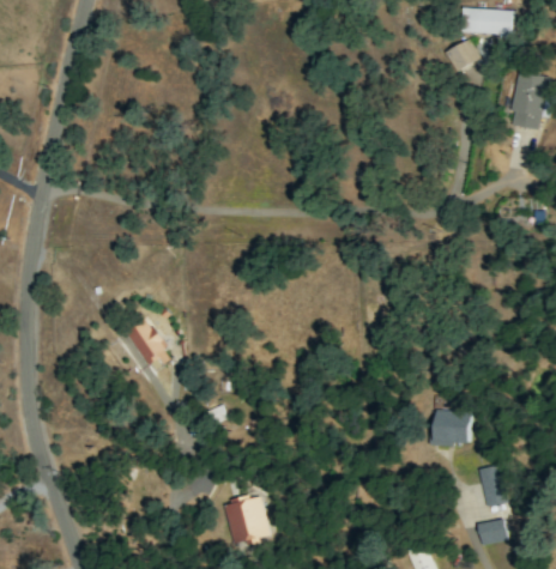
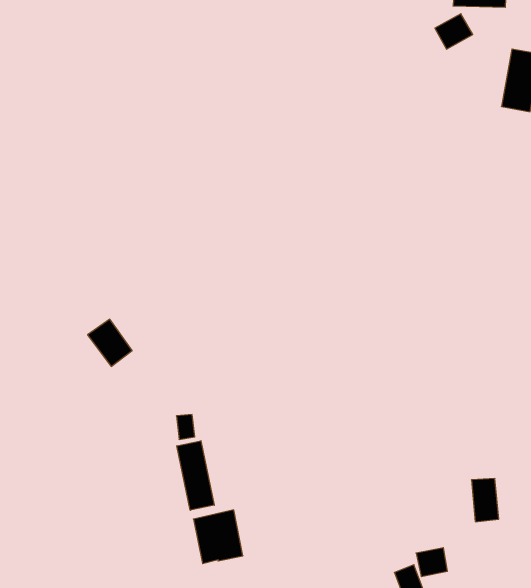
building: [434,410,471,446] -> none
building: none -> [177,441,214,510]
building: [479,519,508,545] -> [416,548,447,577]

